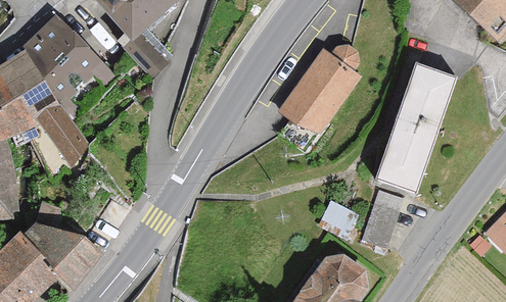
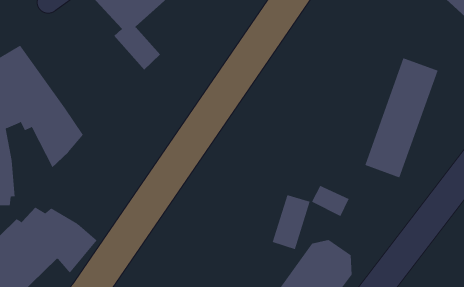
building: [21,19,112,116] -> none
building: [277,45,360,131] -> none
building: [362,189,402,246] -> [272,195,310,250]

